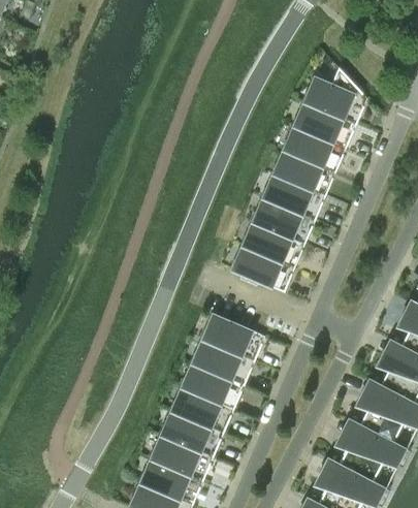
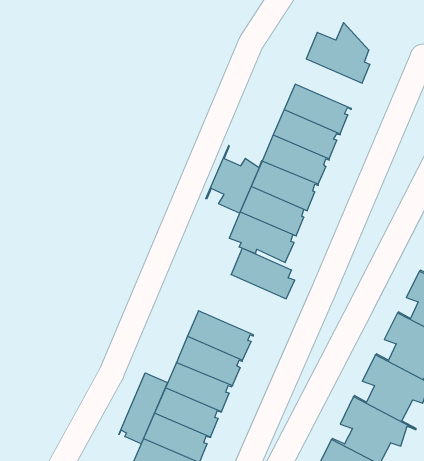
building: [292,102,355,149] -> none
building: none -> [206,145,263,213]
building: [201,314,261,361] -> [231,248,295,299]
building: none -> [119,373,168,444]

